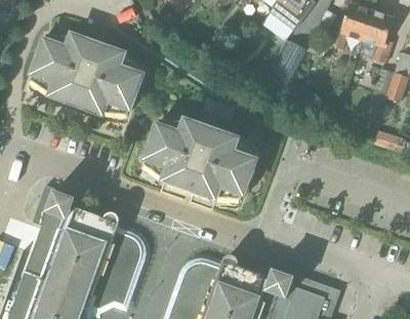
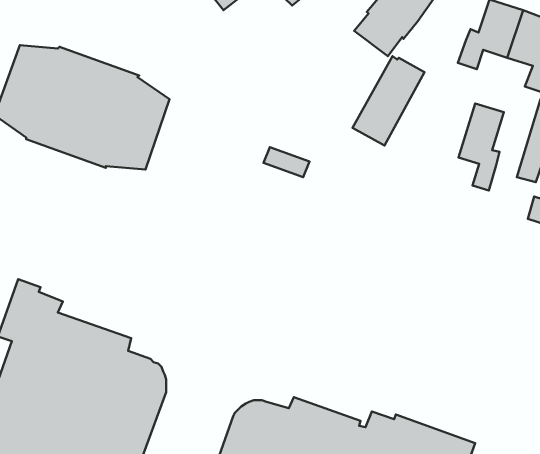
building: none -> [458,103,504,191]
building: [145,119,257,199] -> none

